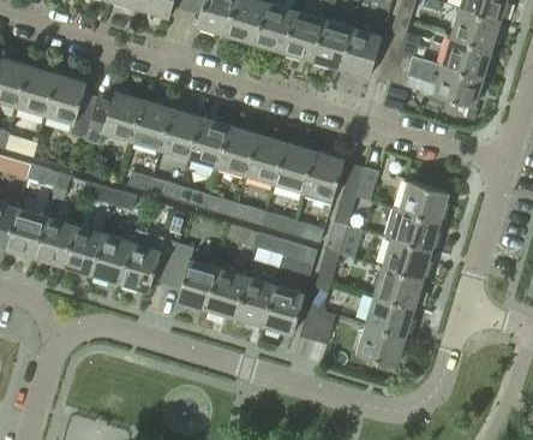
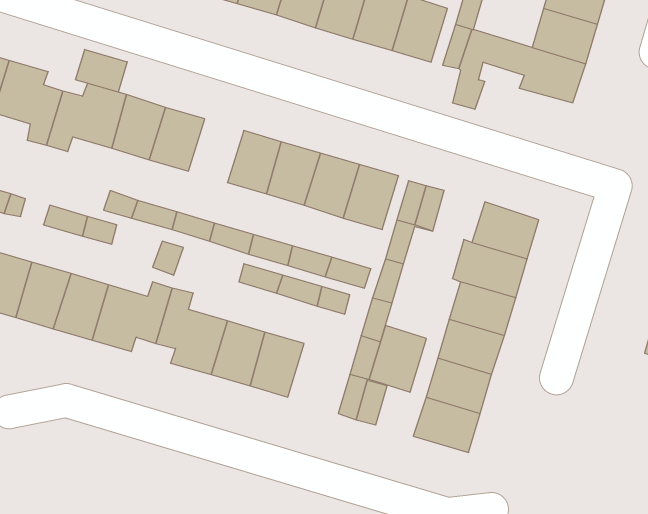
building: none -> [76,49,127,92]
building: [190,119,230,166] -> none
building: [263,285,305,334] -> [369,326,426,392]

